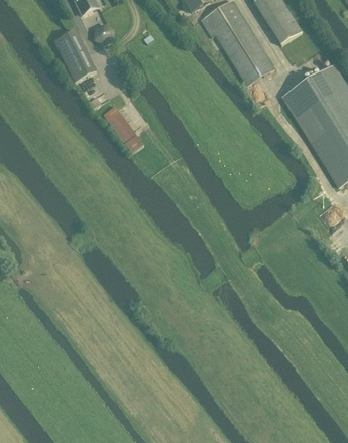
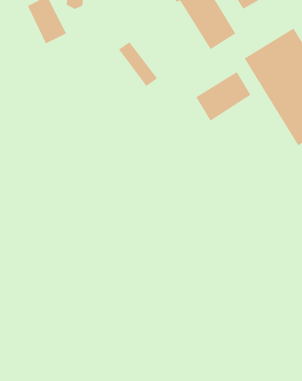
building: [102,104,143,151] -> [118,42,158,87]
building: none -> [195,71,251,121]

